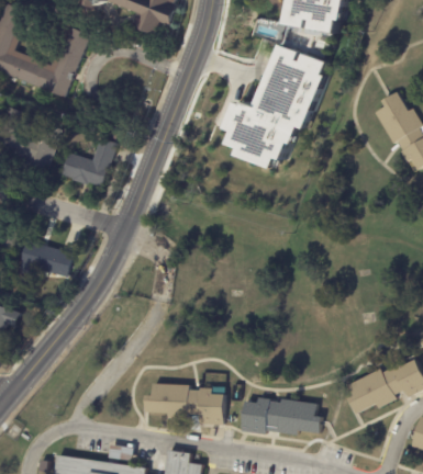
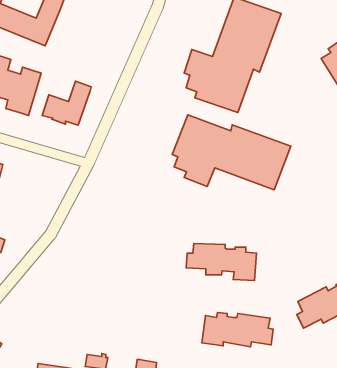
building: none -> [172,115,291,190]
building: [19,242,71,280] -> none
building: [144,384,223,426] -> [186,243,257,281]

